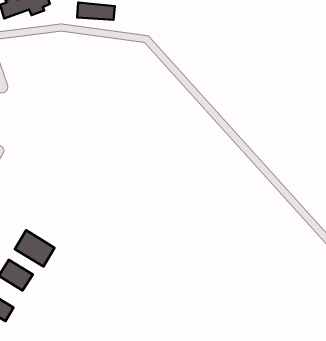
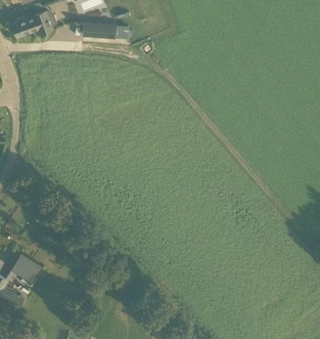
building: [15,230,55,267] -> none

